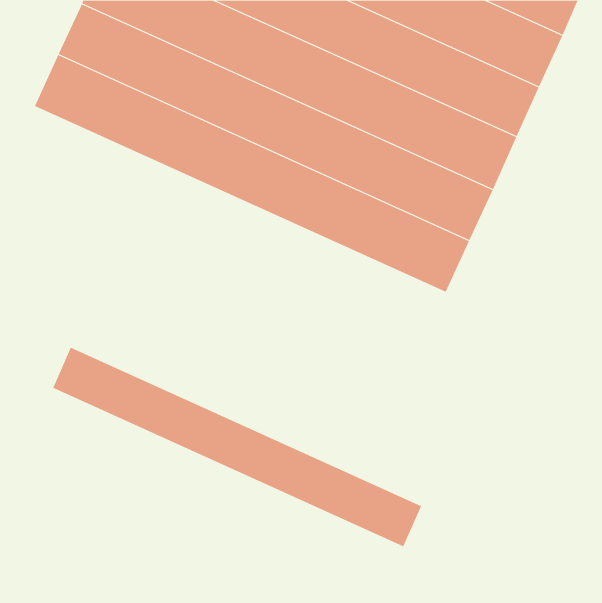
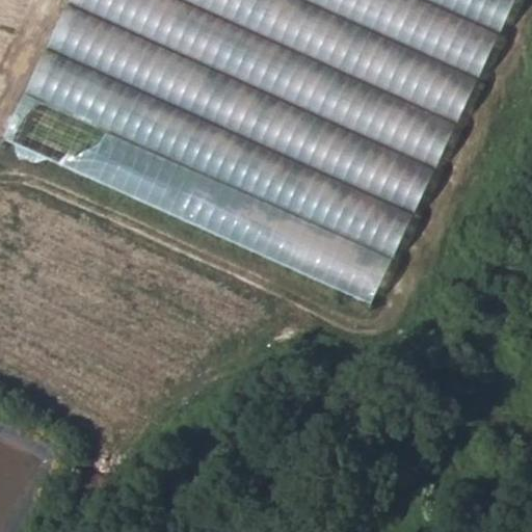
building: none -> [9,94,393,303]
building: [52,347,422,547] -> none

